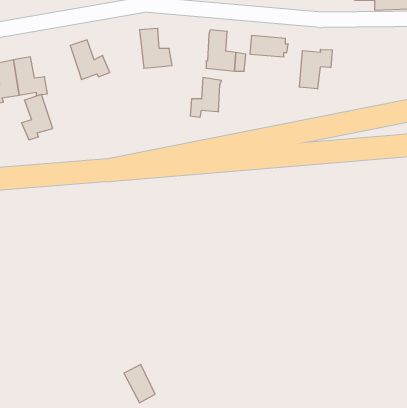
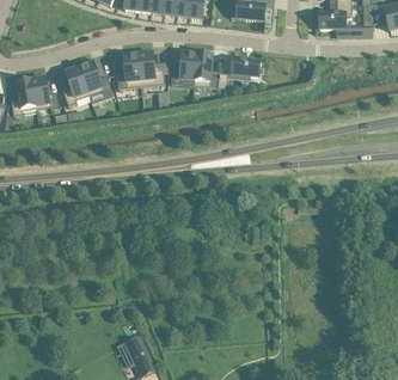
building: none -> [116,53,141,87]
building: [300,49,332,89] -> none
building: [190,78,221,117] -> [171,50,197,84]
building: [22,94,53,140] -> [62,66,88,104]

